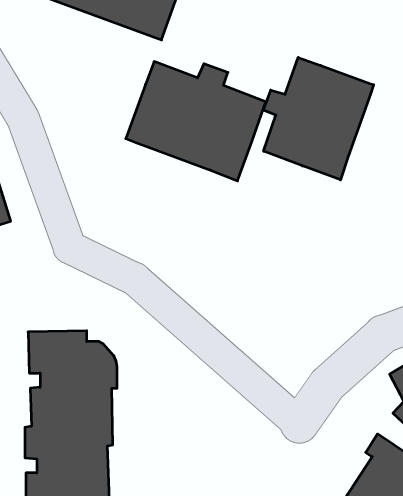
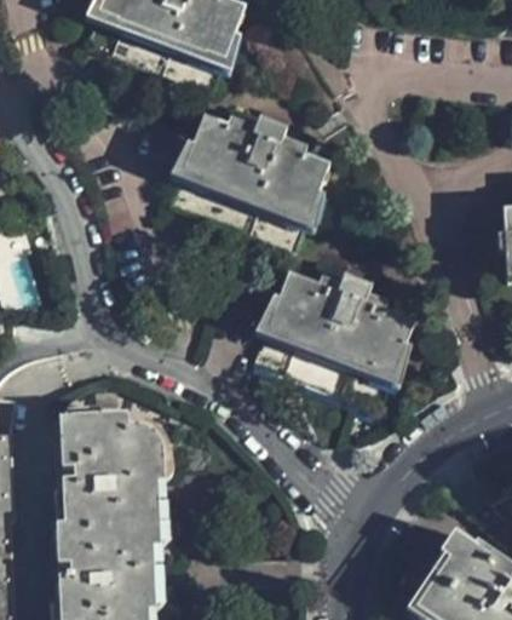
building: [263,57,374,180] -> none
building: none -> [260,268,418,403]

